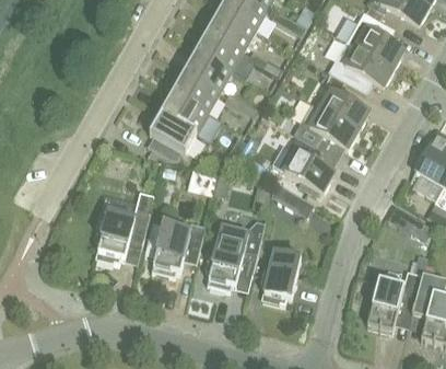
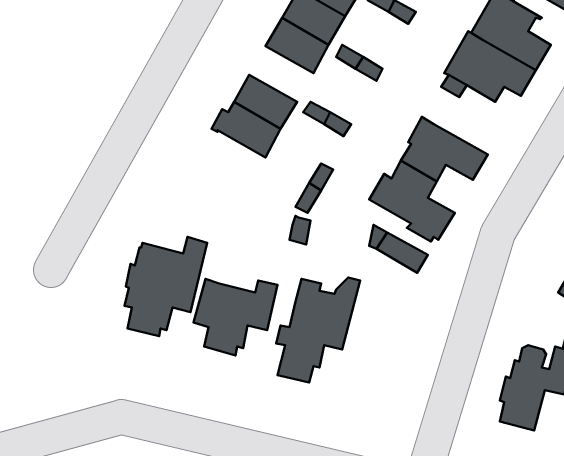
building: [185,51,232,92] -> none
building: [319,89,369,130] -> none
building: [146,113,197,160] -> none
building: [260,252,301,304] -> none

